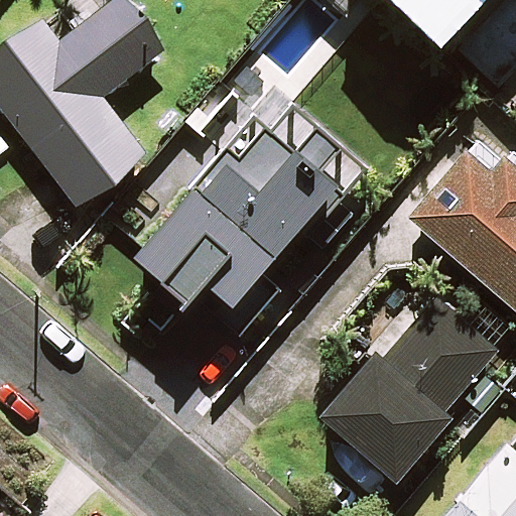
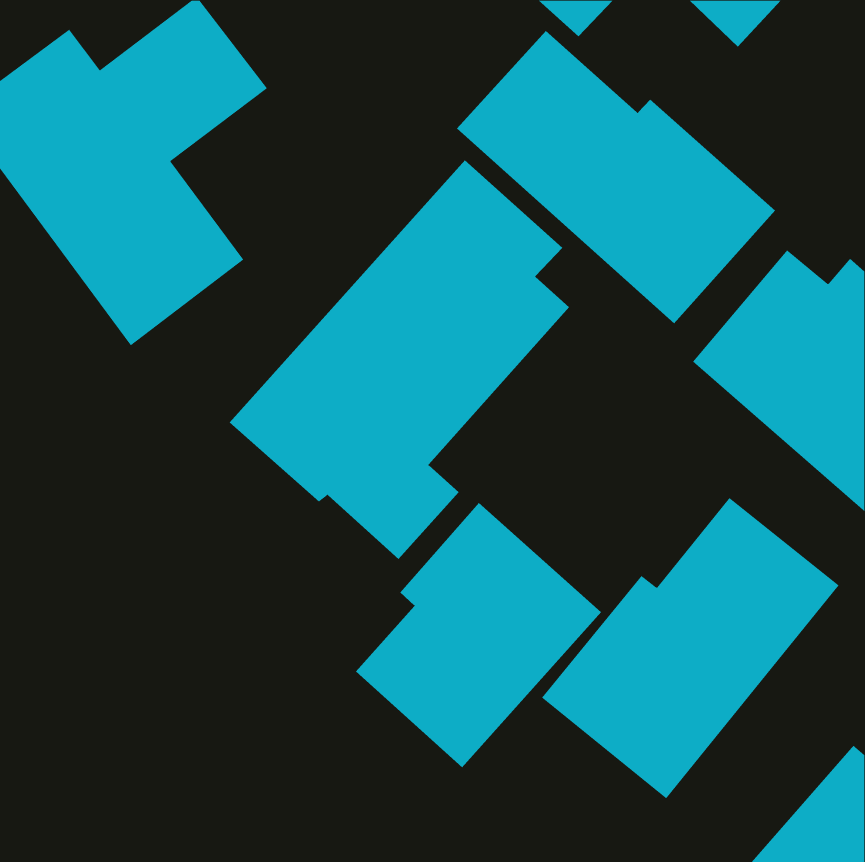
building: none -> [456,30,776,324]
building: none -> [355,502,602,768]

